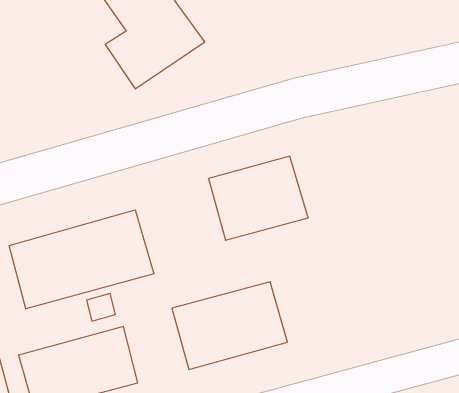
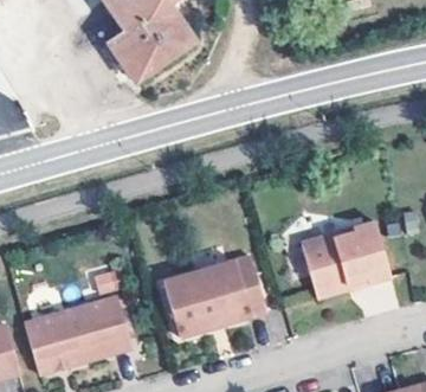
building: [208,156,308,240] -> [302,223,392,298]
building: [9,210,154,309] -> none

